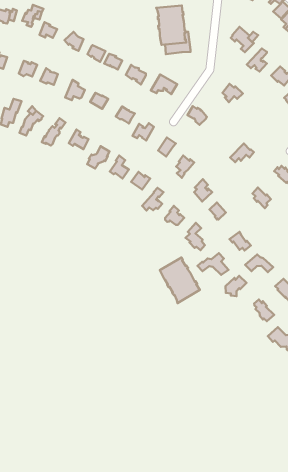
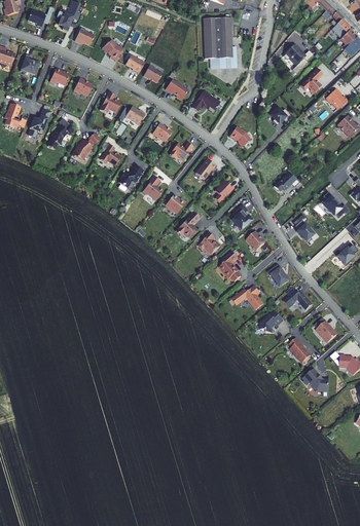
building: [160,258,200,303] -> none

